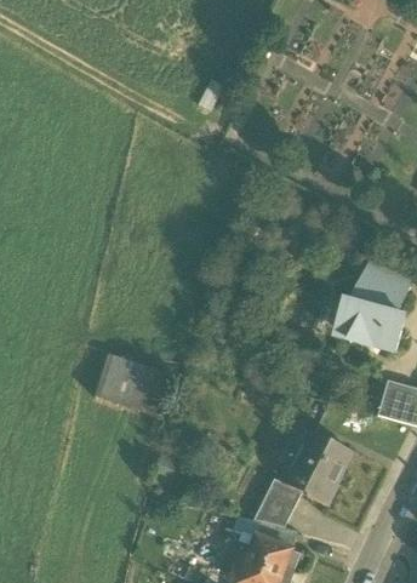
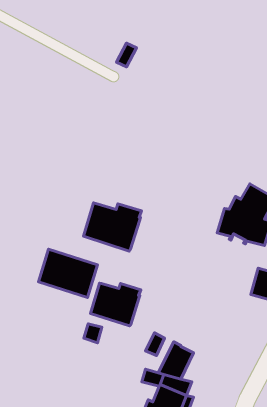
building: none -> [84,203,141,251]
building: none -> [91,283,141,326]
building: [285,429,353,503] -> none

